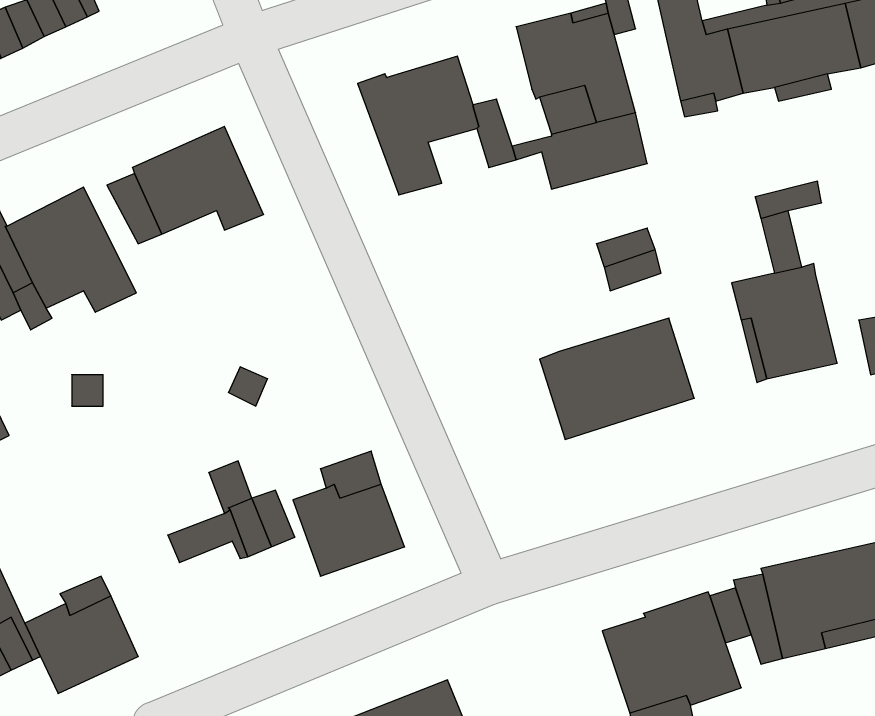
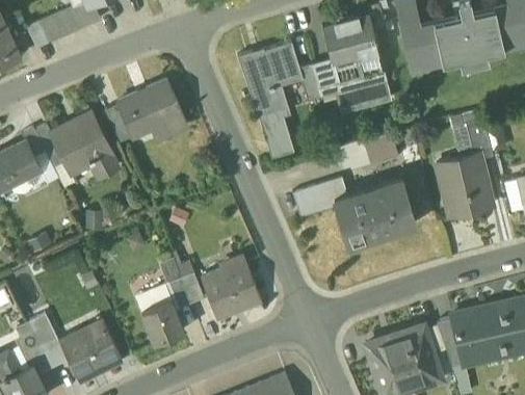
building: none -> [311,60,340,90]
building: none -> [259,110,294,158]
building: none -> [466,121,493,159]
building: none -> [292,179,344,217]
building: none -> [142,300,183,343]

